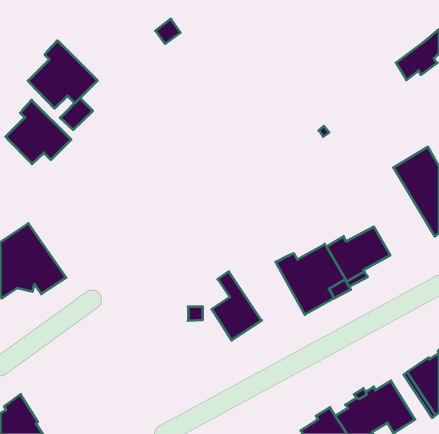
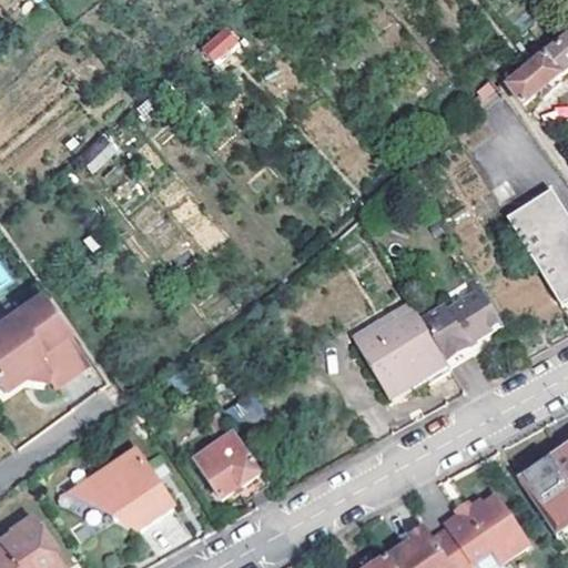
building: [28,41,97,108] -> none
building: [6,100,71,164] -> none
building: [212,272,262,340] -> [197,405,262,494]
building: none -> [82,445,174,525]

